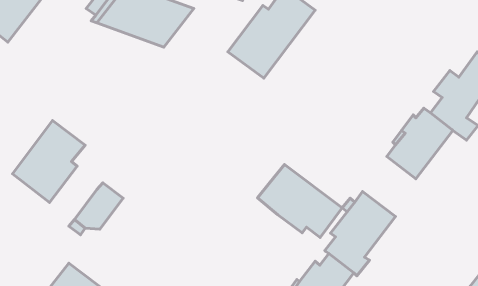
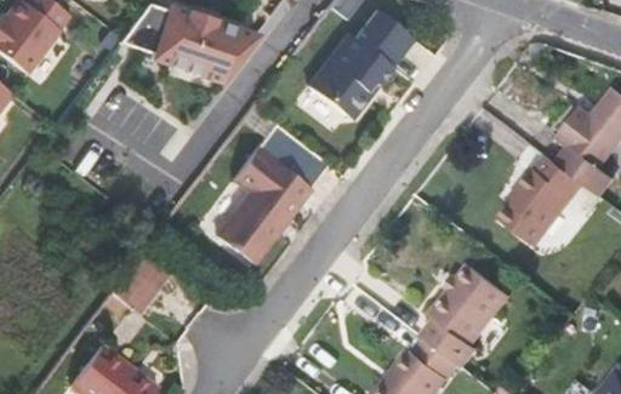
building: none -> [212,141,325,263]
building: [12,120,85,202] -> none
building: [258,164,342,238] -> none

